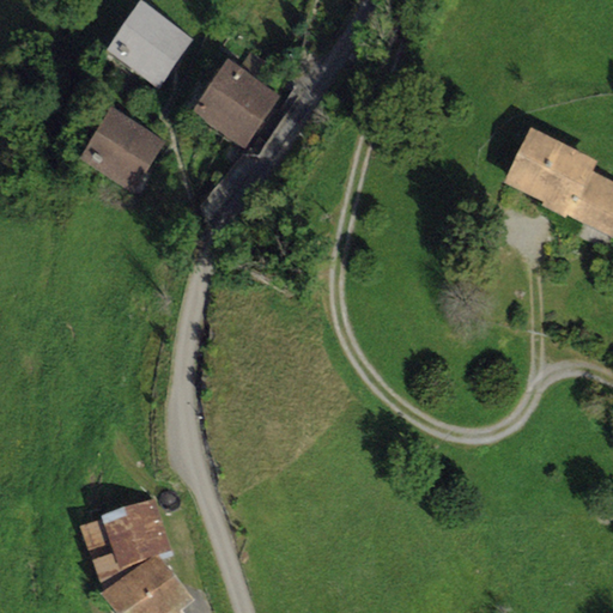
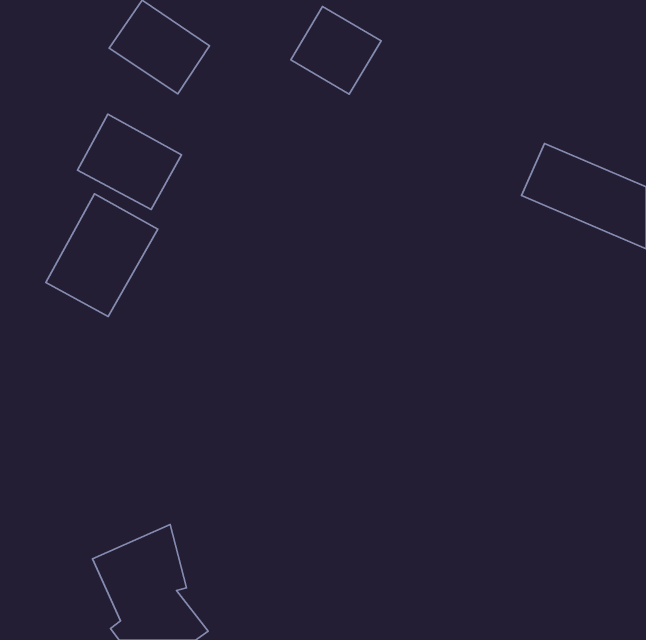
building: [194,60,279,142] -> [291,7,381,94]
building: none -> [46,194,158,317]

